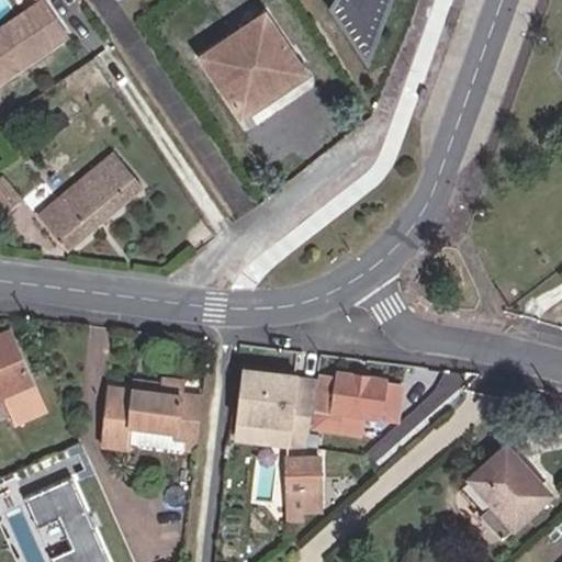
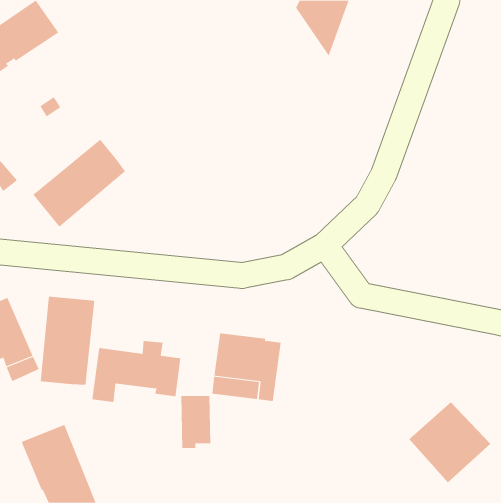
building: [200,15,305,121] -> none
building: none -> [40,296,95,385]
building: [312,374,402,434] -> none
building: [288,456,322,515] -> [181,395,211,449]

